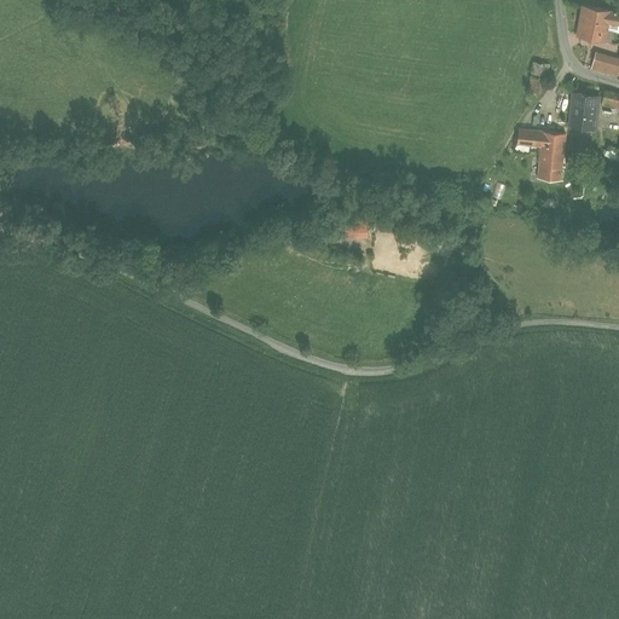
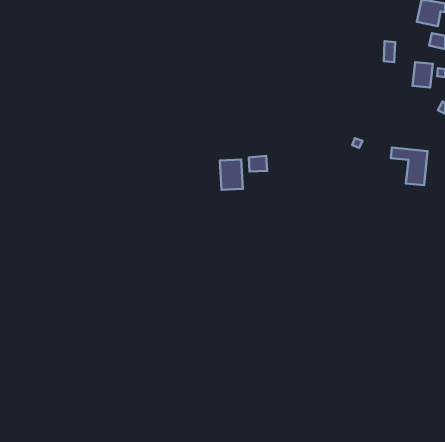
building: [517,128,568,180] -> [391,148,428,185]
building: none -> [220,160,243,190]

